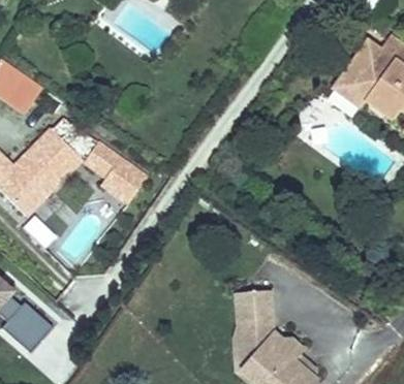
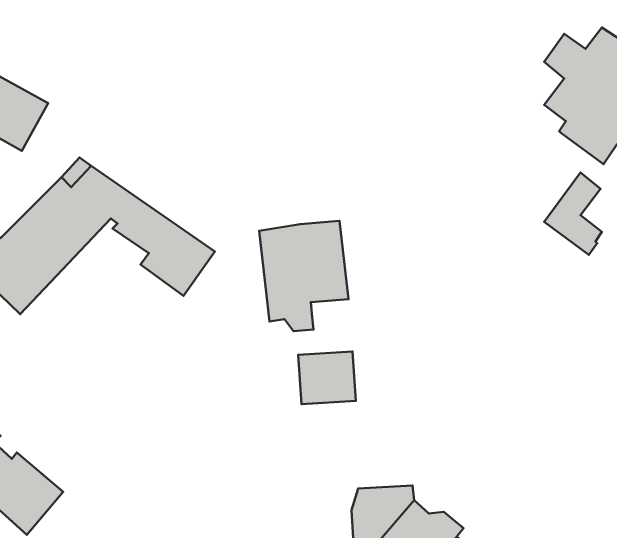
building: [332,57,368,108] -> [544,172,602,255]
building: none -> [259,221,349,331]
building: [236,291,272,324] -> [298,351,356,404]

